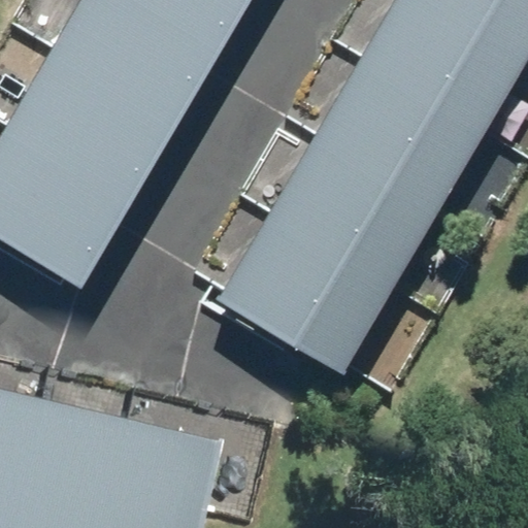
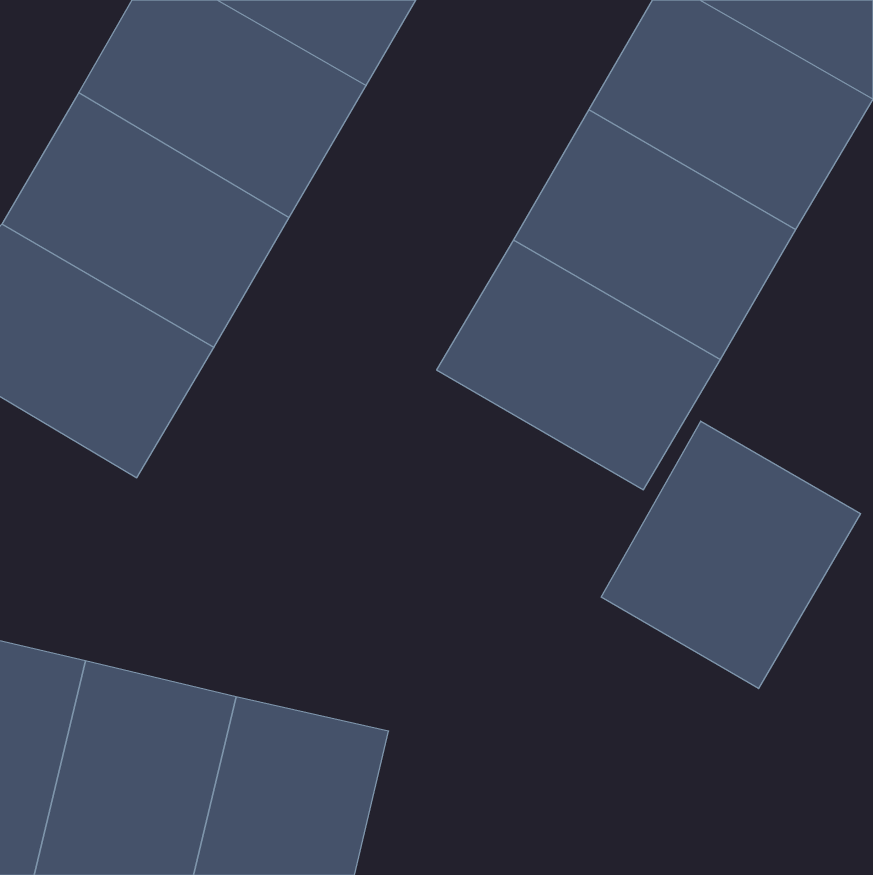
building: [218,223,388,373] -> none
building: none -> [601,421,861,689]

